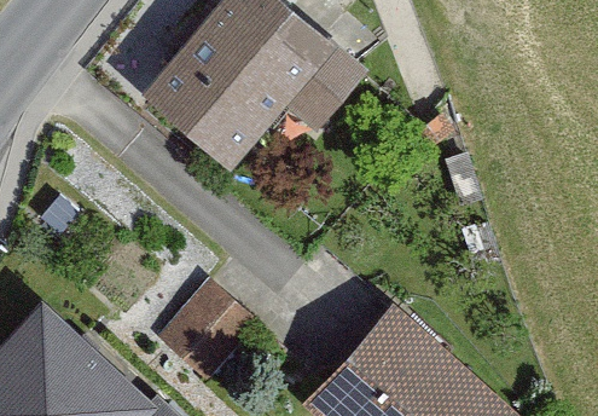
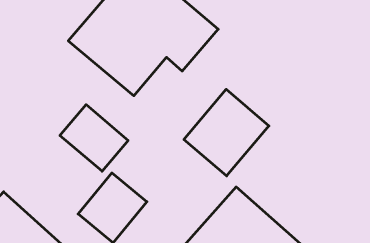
building: none -> [184,89,269,176]
building: none -> [60,105,128,171]

